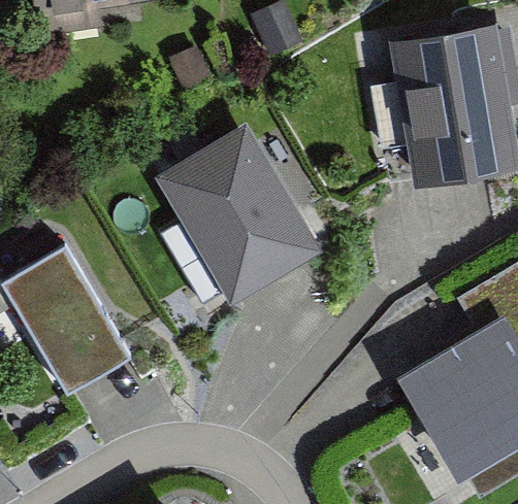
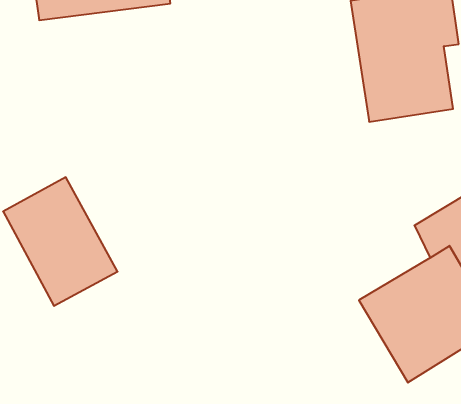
building: [161,131,313,298] -> none

